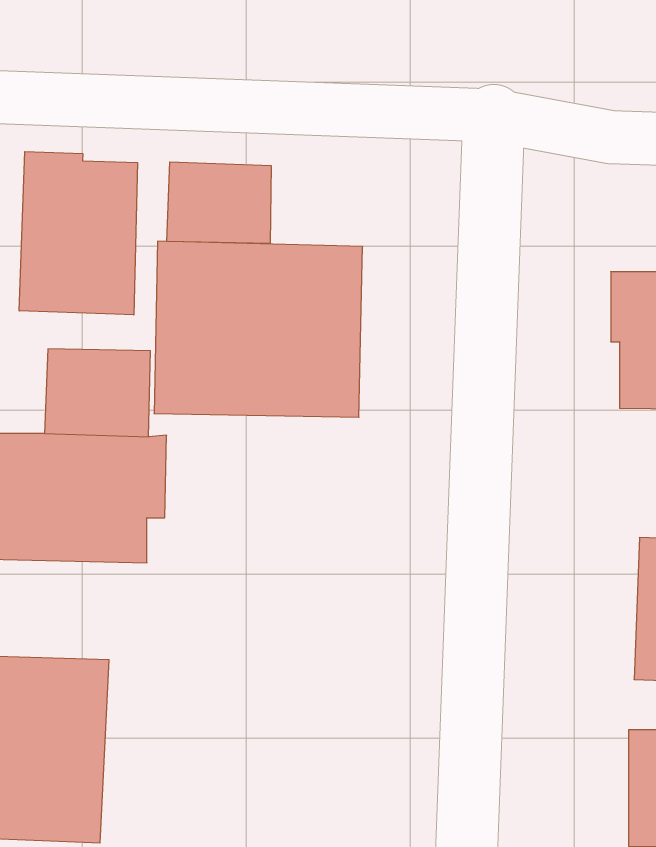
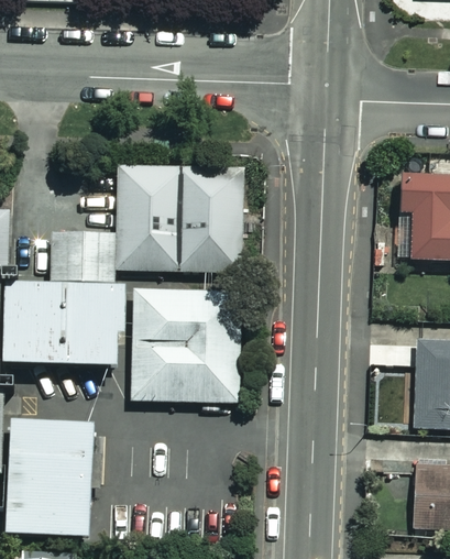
building: [19,152,138,315] -> none
building: [167,162,271,244] -> none
building: none -> [131,293,238,405]

